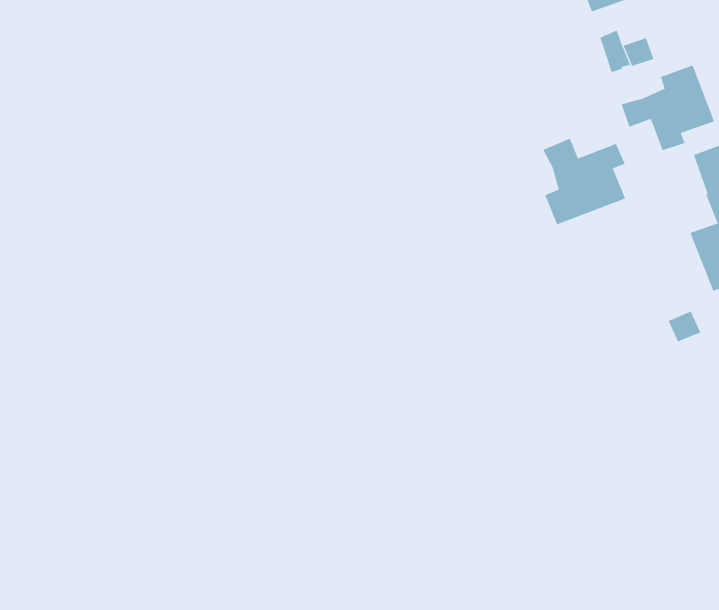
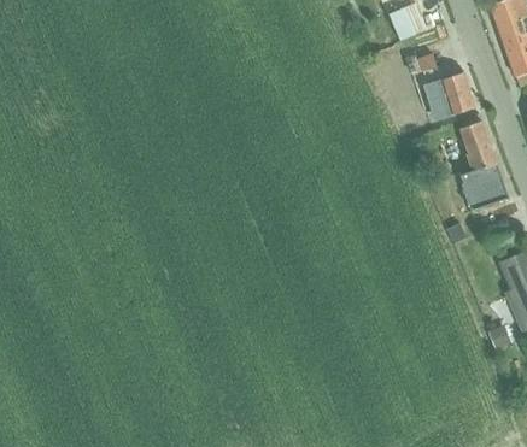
building: [542,138,626,225] -> none

